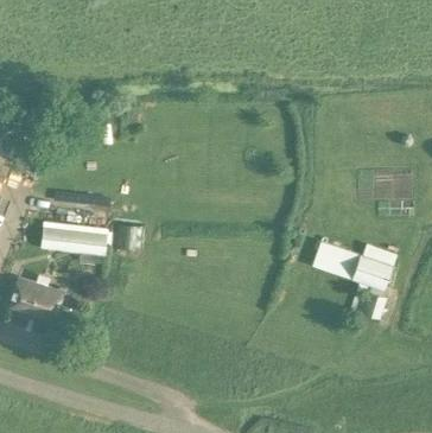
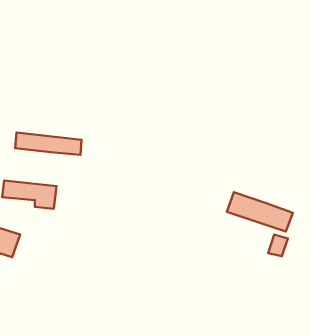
building: none -> [15,132,81,155]

